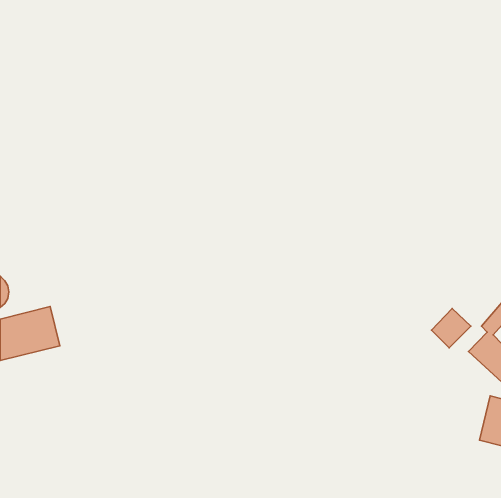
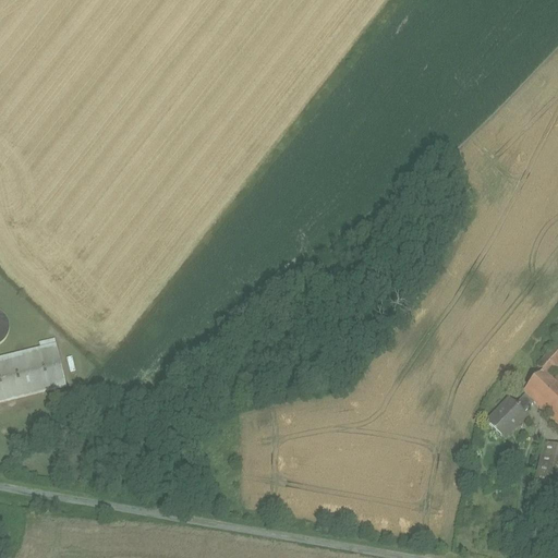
building: [432,309,471,348] -> [487,393,531,437]

